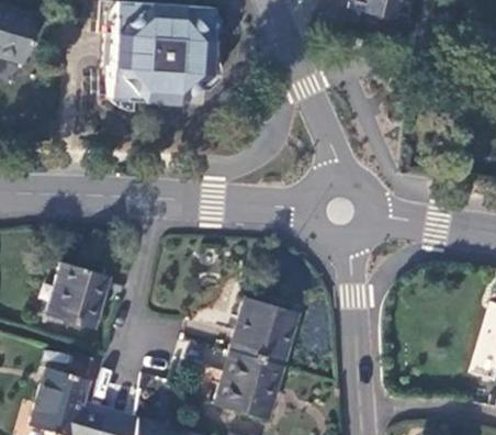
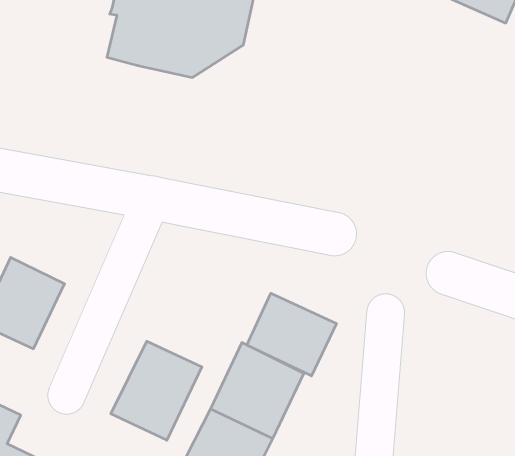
building: none -> [247,293,336,376]
building: none -> [111,341,202,440]

